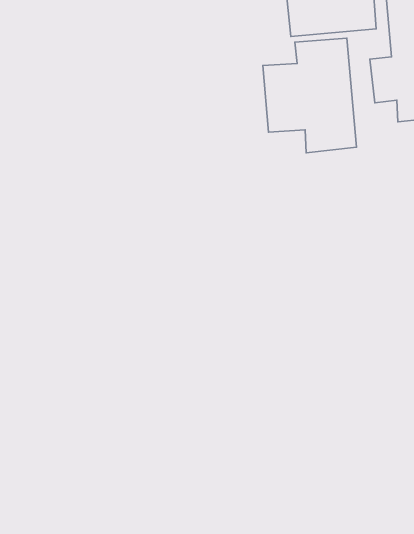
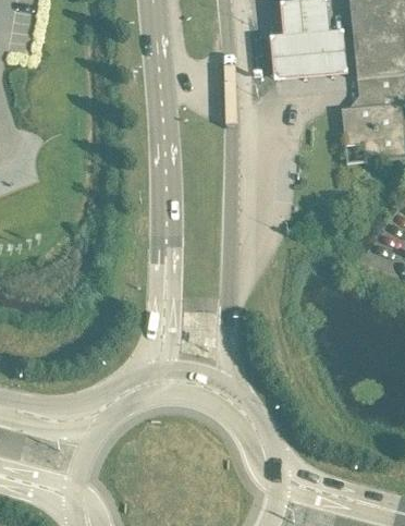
building: [263,38,356,153] -> none

